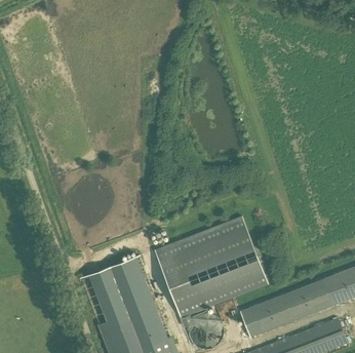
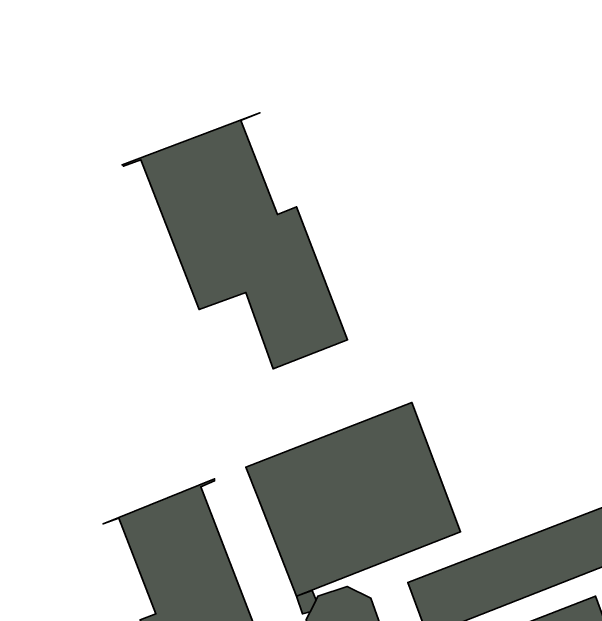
building: none -> [122,113,347,369]

